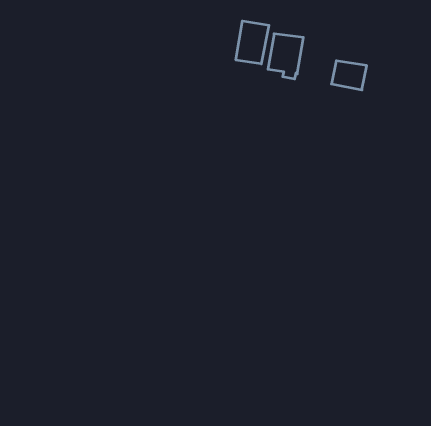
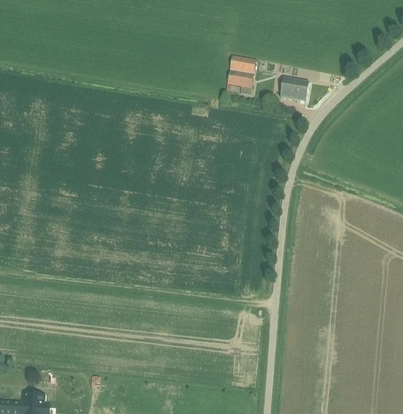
building: [236,21,269,64] -> none

